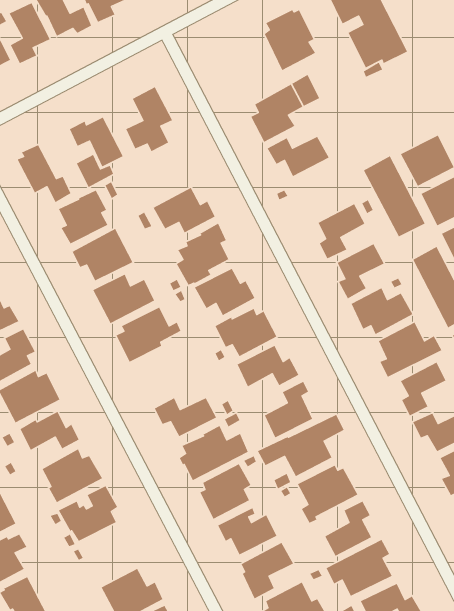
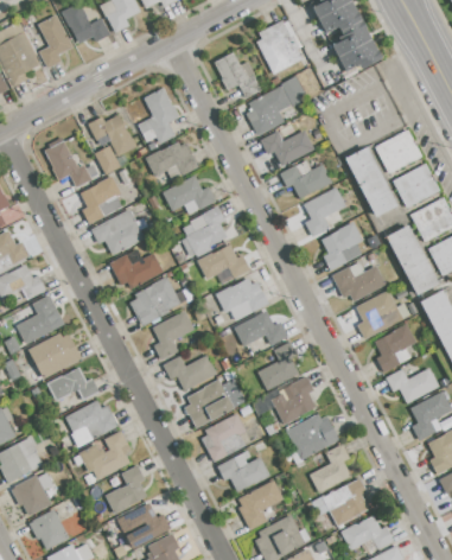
building: none -> [214,52,261,97]
building: none -> [145,140,199,182]
building: none -> [279,159,332,199]
building: none -> [152,310,193,358]
building: none -> [104,465,147,513]

